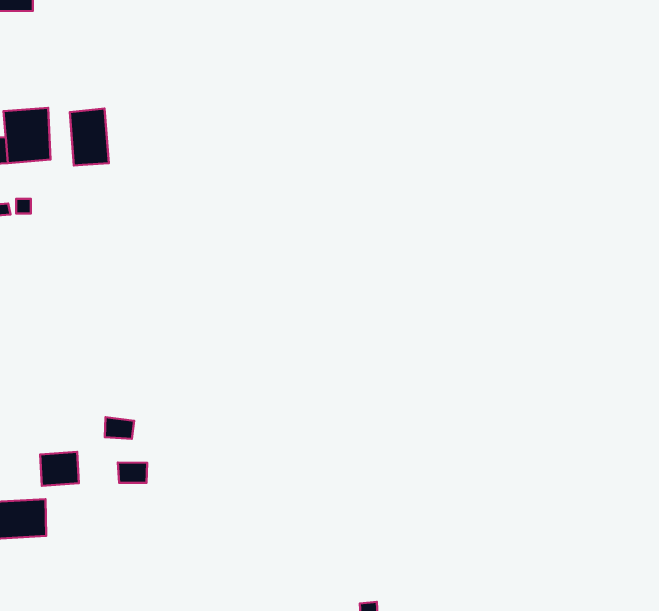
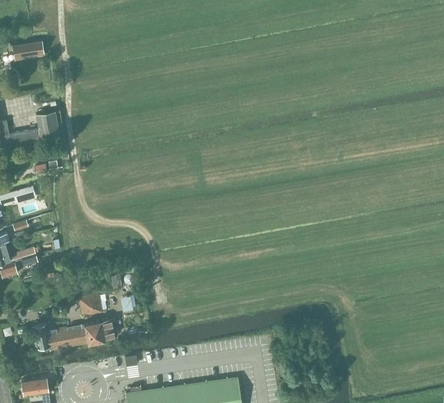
building: [70,109,109,165] -> none
building: none -> [85,318,115,343]

